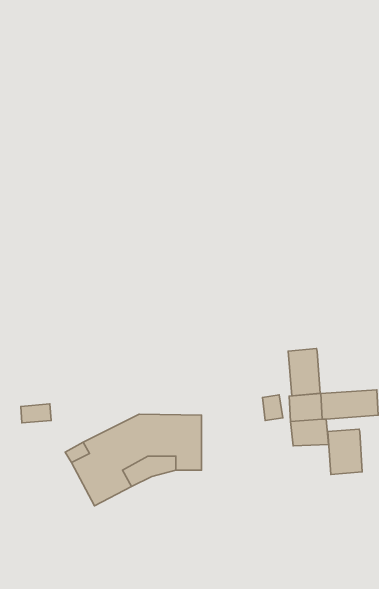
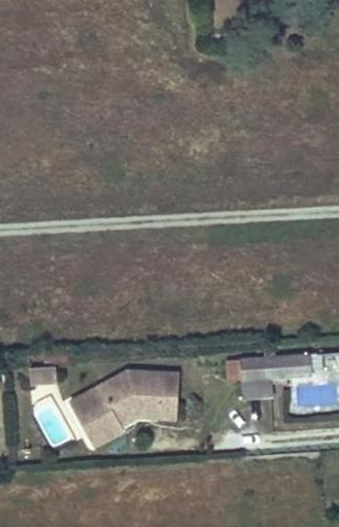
building: [288,348,320,396] -> none
building: [328,429,362,474] -> none

